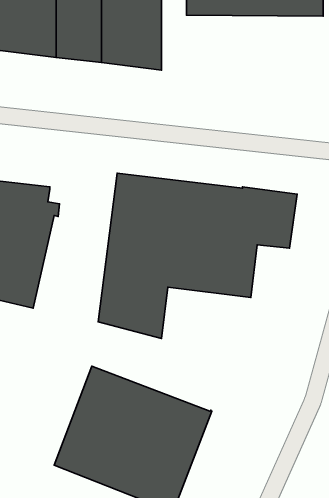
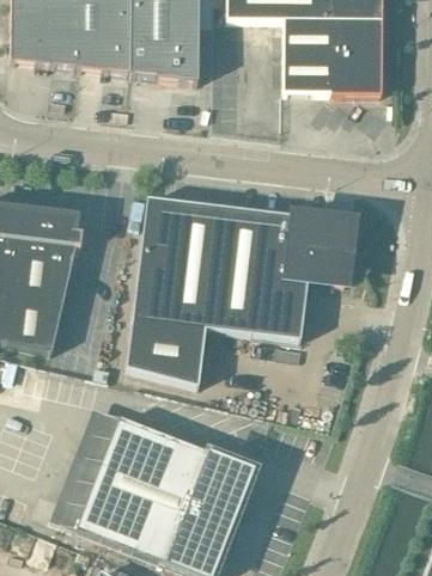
building: none -> [284,19,383,94]
building: none -> [49,406,120,529]

